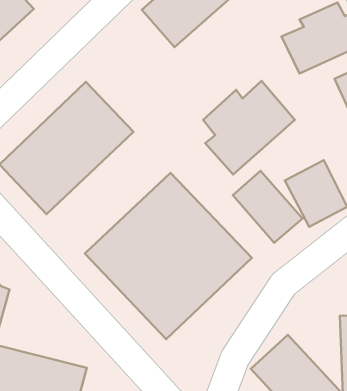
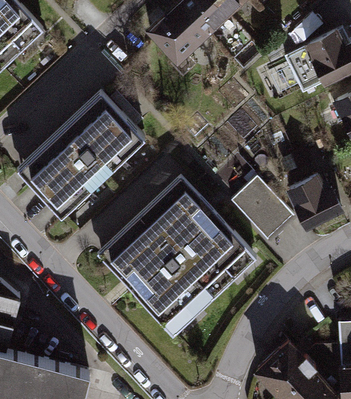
building: [203,81,295,174] -> none

